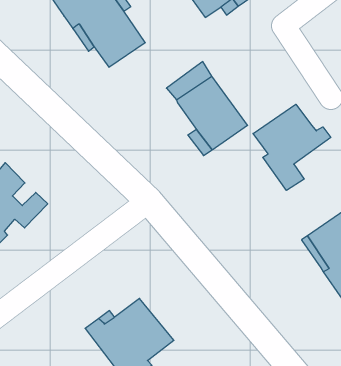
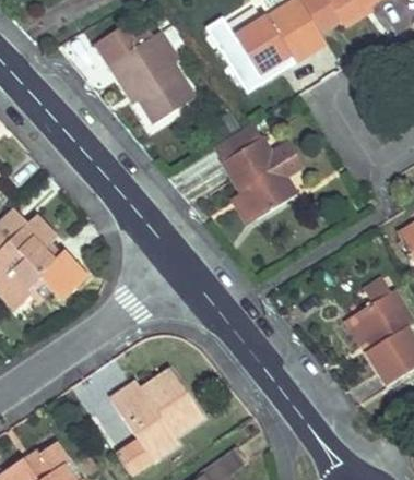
building: [253,104,331,190] -> none

